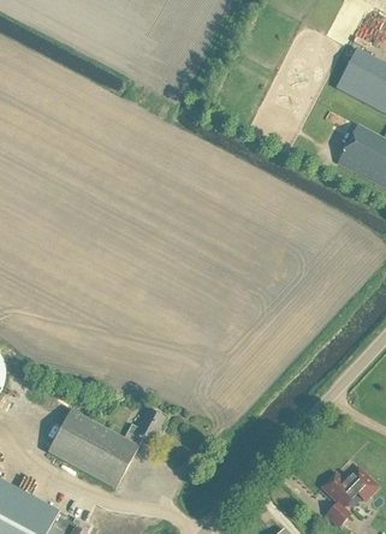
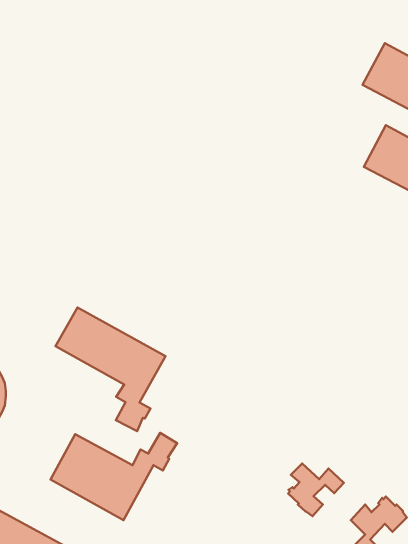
building: none -> [56,308,165,431]
building: none -> [288,464,344,516]

